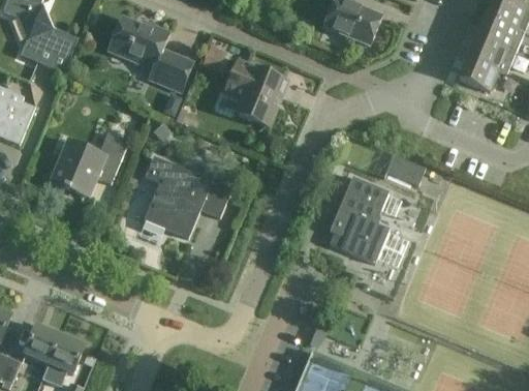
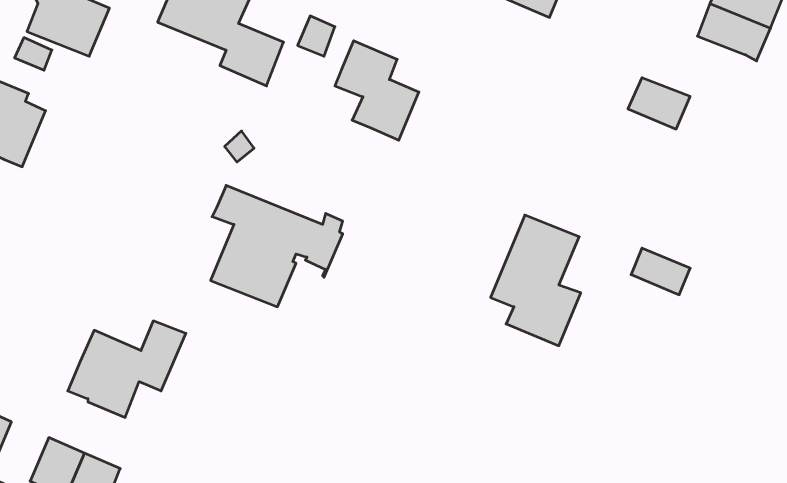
building: [457,58,498,92] -> [628,78,690,129]
building: [50,132,128,197] -> [68,321,186,417]
building: [385,154,425,185] -> [631,248,690,295]

